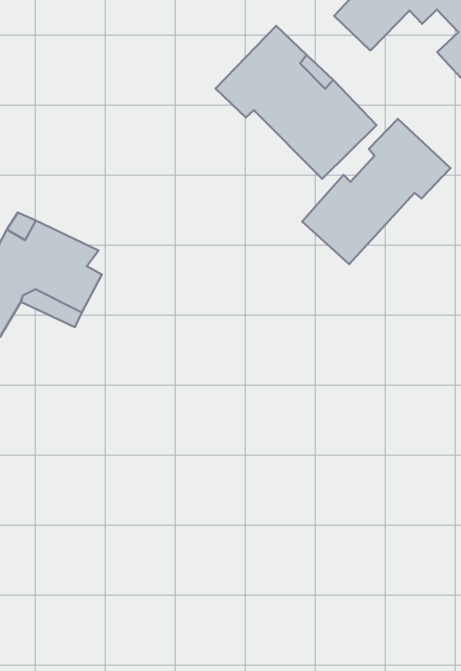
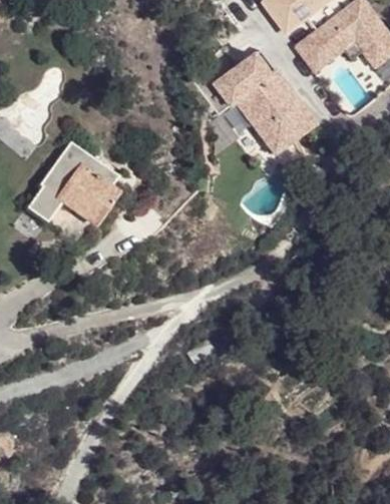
building: [302,119,451,264] -> none

